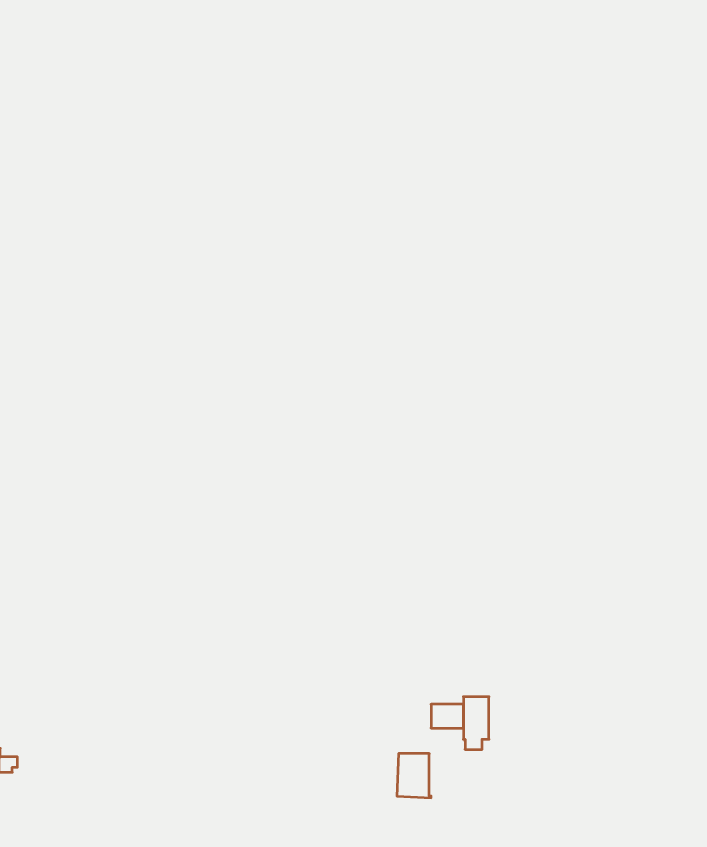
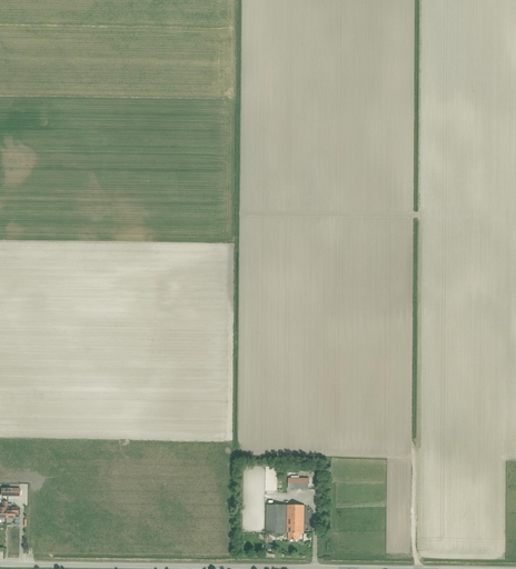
building: [463,697,489,749] -> [287,505,304,539]

